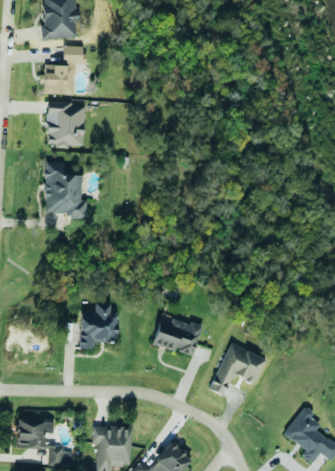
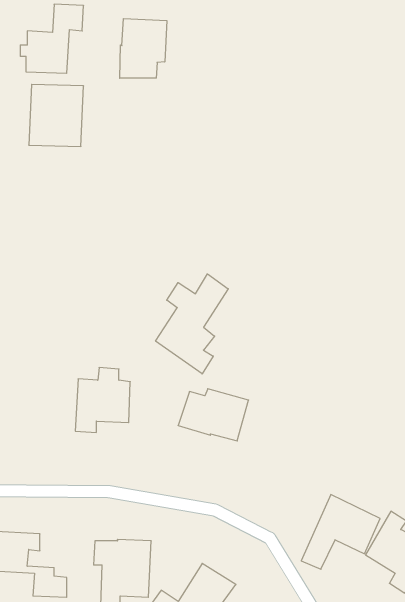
building: none -> [120,19,167,78]
building: [44,162,87,216] -> none
building: none -> [156,274,228,374]
building: [210,342,266,395] -> [301,495,380,569]

